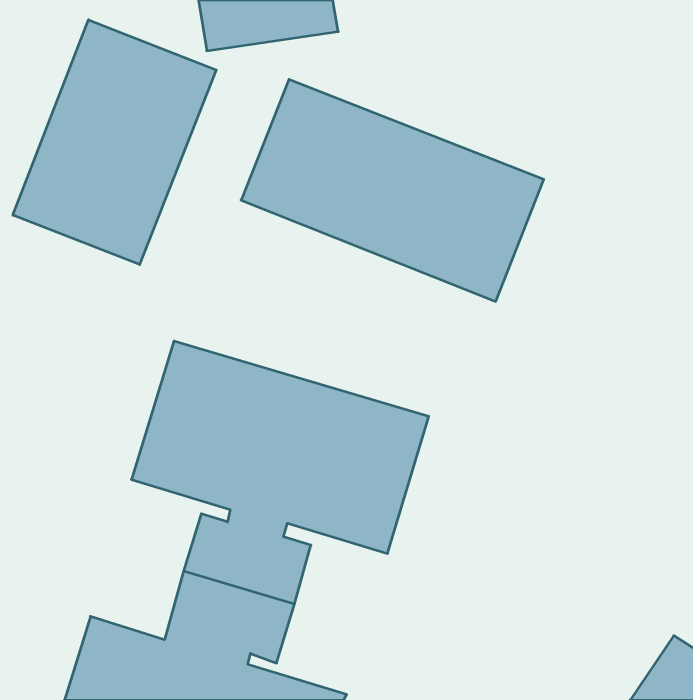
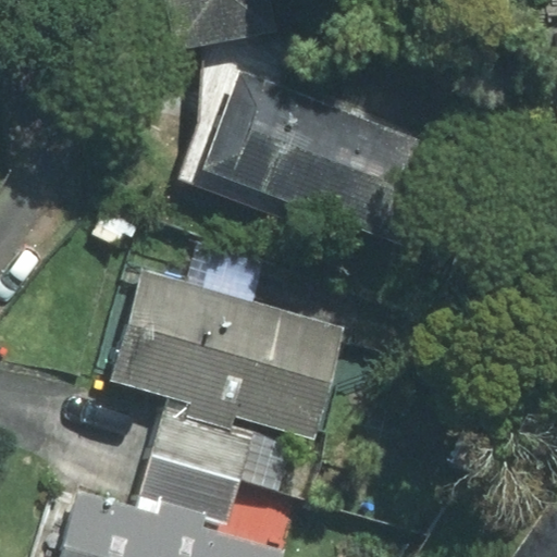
building: [13,20,216,265] -> none

